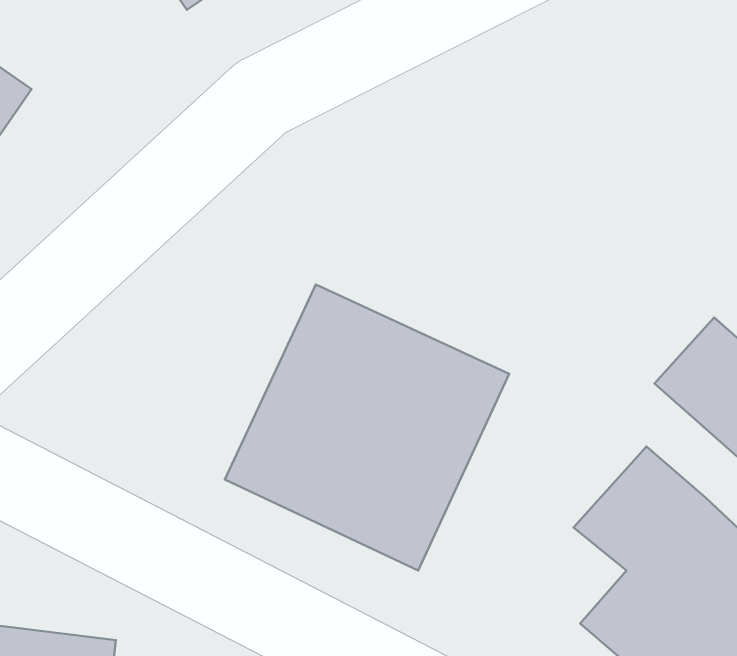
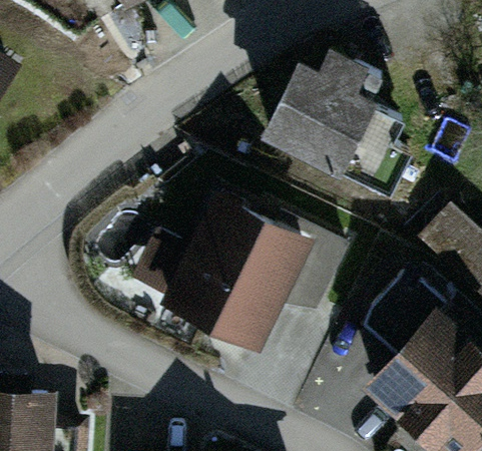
building: none -> [258,48,389,175]

